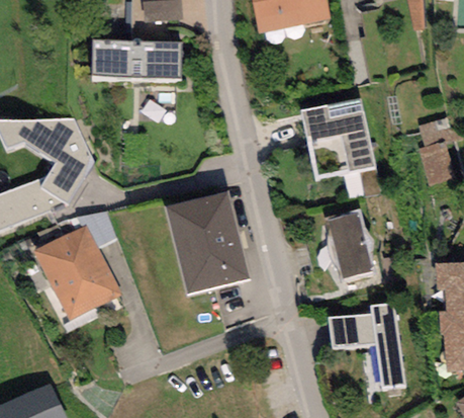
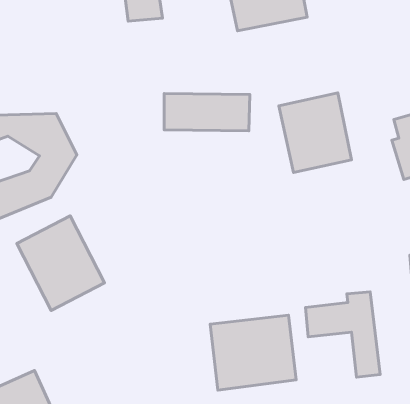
building: [92,39,180,78] -> [164,94,250,131]
building: [165,190,250,294] -> none
building: [324,211,375,278] -> none
building: none -> [210,315,296,390]

